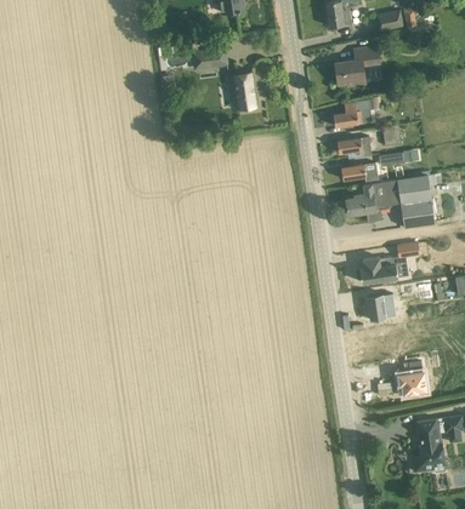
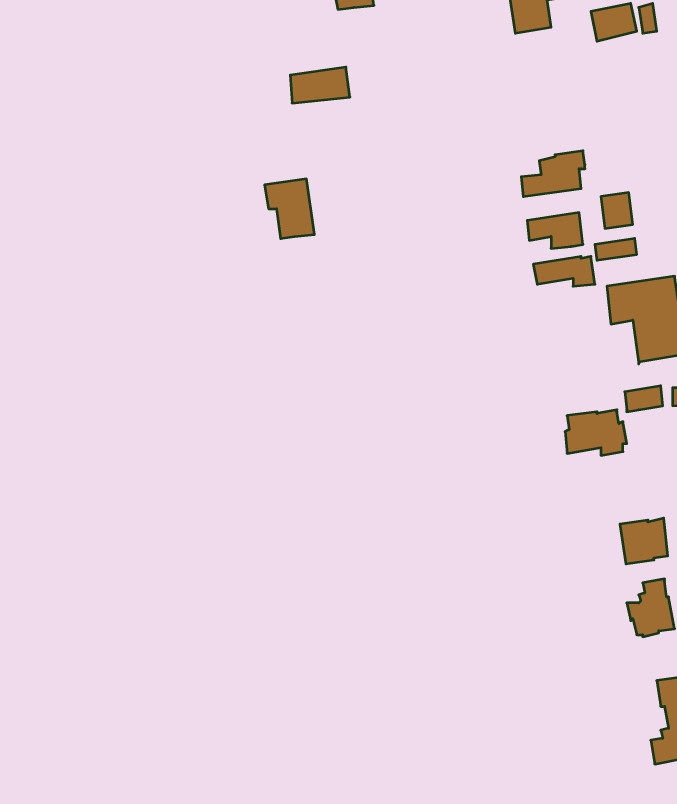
building: [334,46,379,85] -> none
building: [226,72,256,108] -> [265,179,314,239]
building: [345,181,389,221] -> none
building: [365,292,395,320] -> [620,518,668,564]

